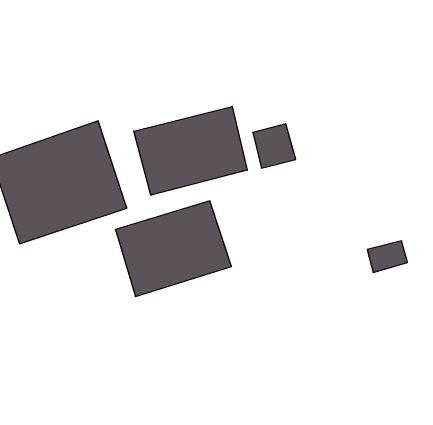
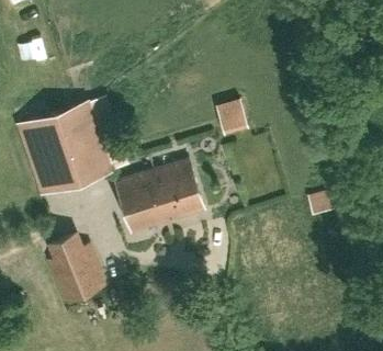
building: [134,106,247,195] -> none
building: none -> [47,244,104,302]

